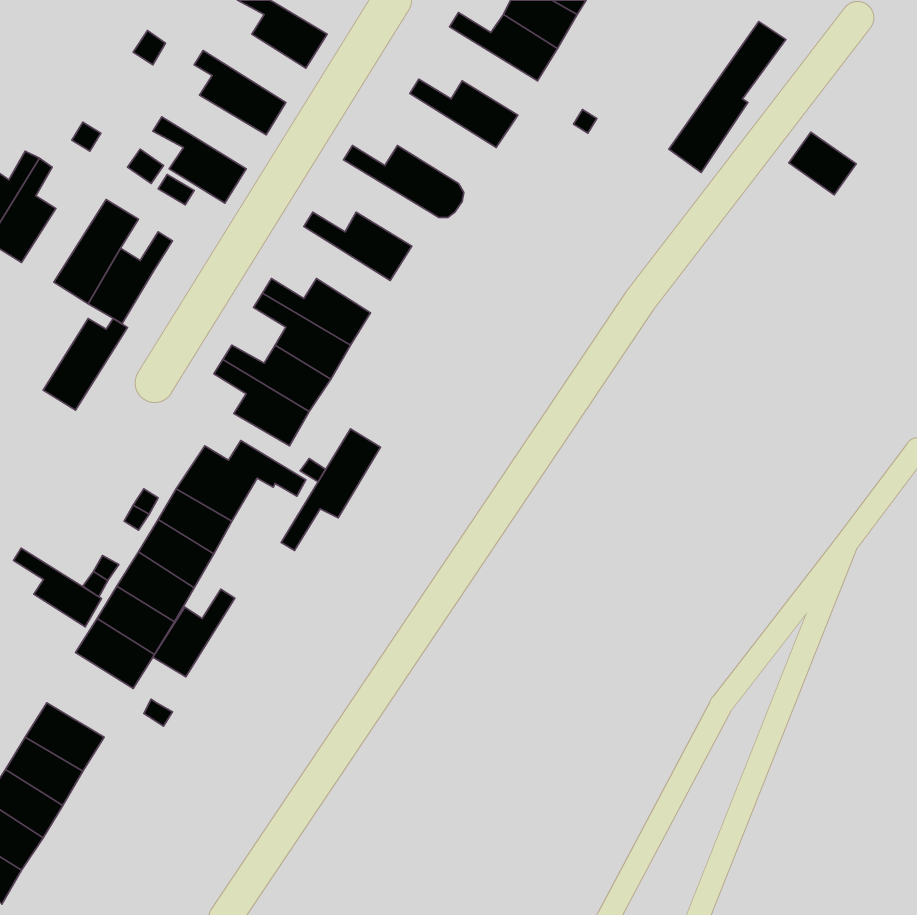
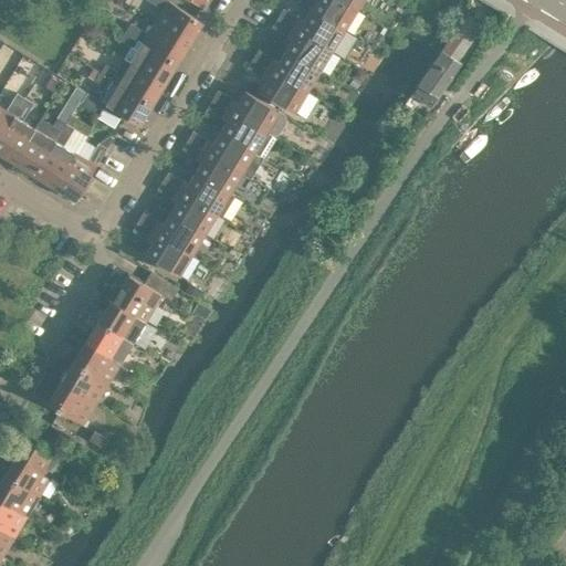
building: none -> [271,19,331,73]
building: none -> [125,23,188,65]
building: none -> [247,60,305,114]
building: none -> [99,61,164,106]
building: [789,132,856,195] -> none
building: none -> [206,101,274,159]
building: none -> [181,142,240,195]
building: [43,318,128,410] -> [13,119,65,176]
building: [281,429,380,550] -> none
building: [14,548,101,627] -> none
building: [153,589,235,677] -> none

